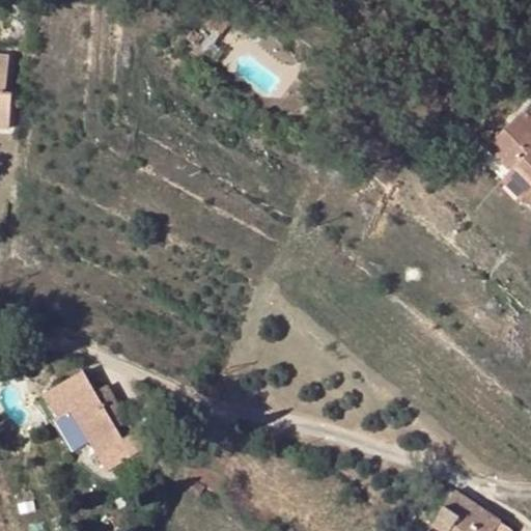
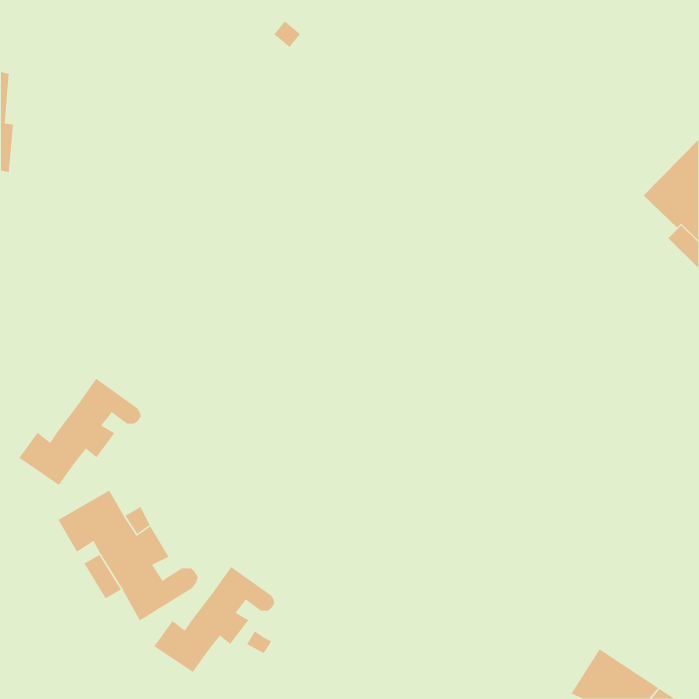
building: none -> [18,378,141,486]
building: none -> [153,566,275,673]

